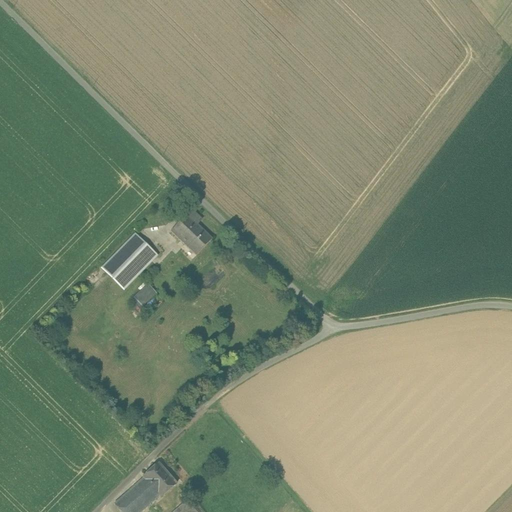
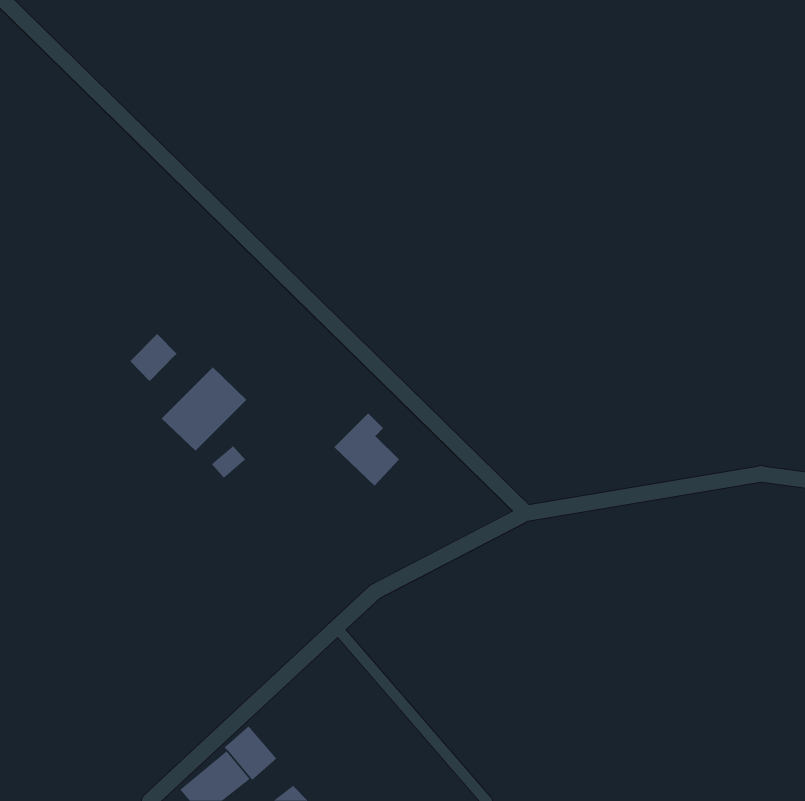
building: [170,207,212,254] -> [334,412,400,486]
building: none -> [129,333,178,382]

